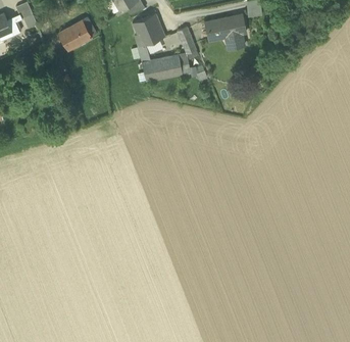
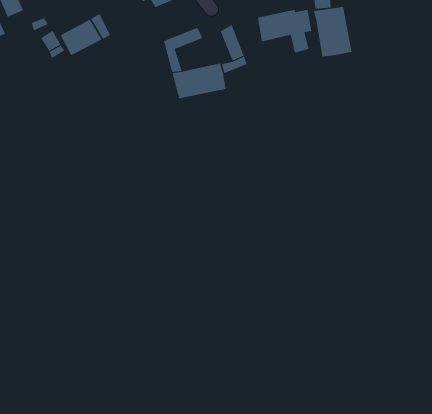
building: none -> [313,6,352,58]
building: [132,14,161,39] -> none

